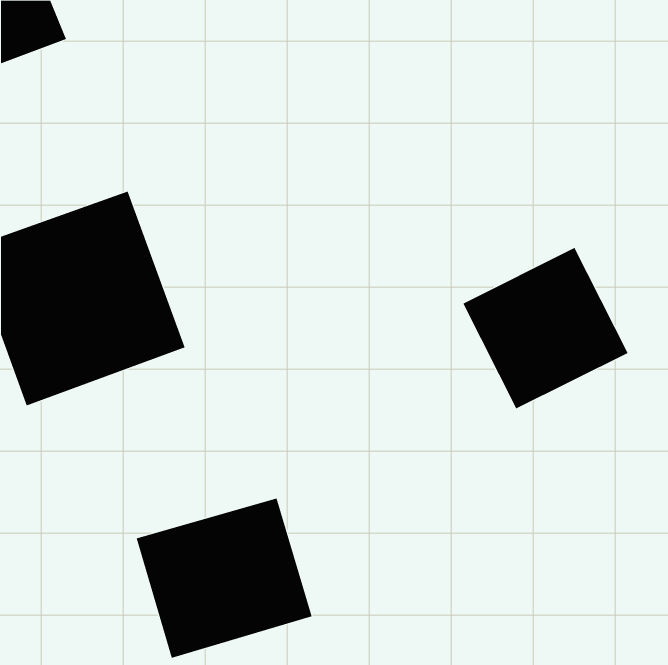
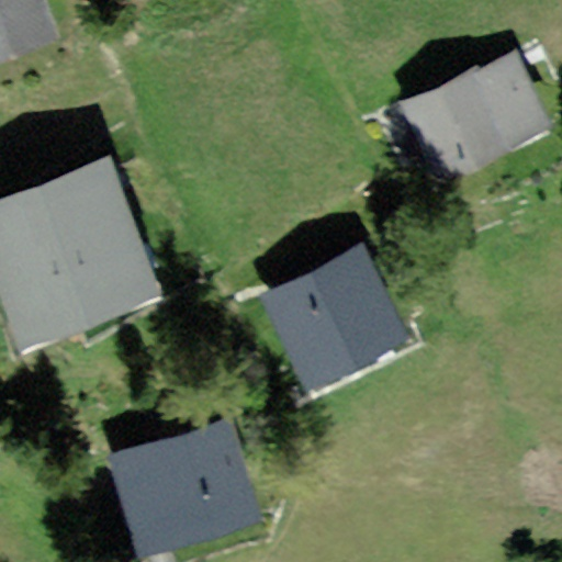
building: none -> [405,54,547,179]
building: [462,247,628,409] -> [263,250,403,386]

